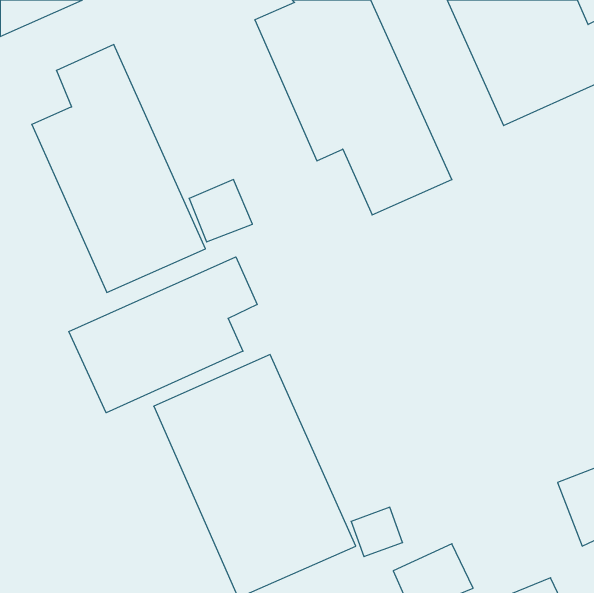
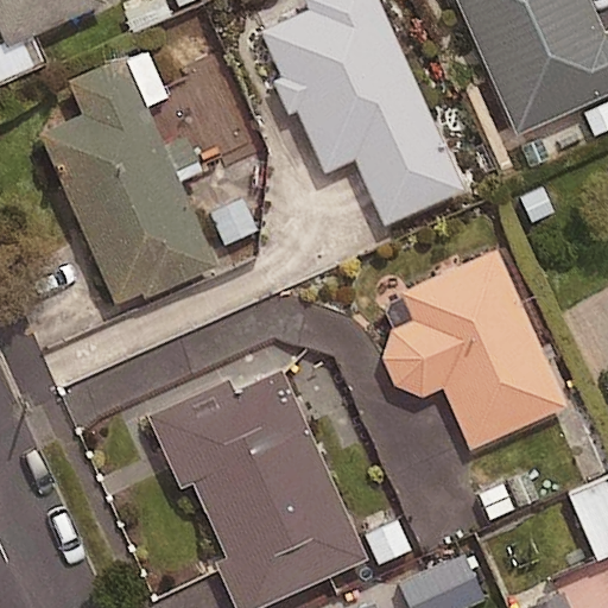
building: none -> [381,247,566,450]
building: [69,257,257,413] -> none

